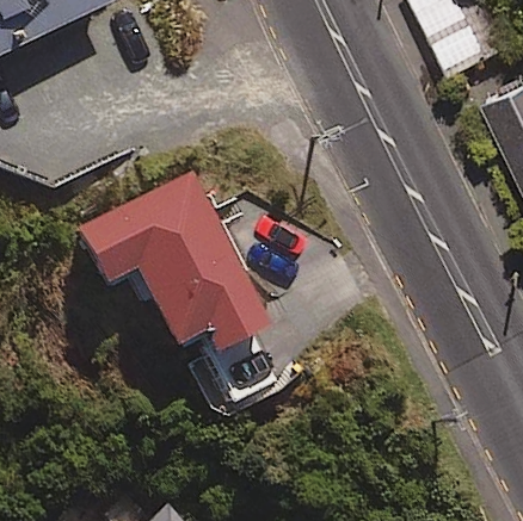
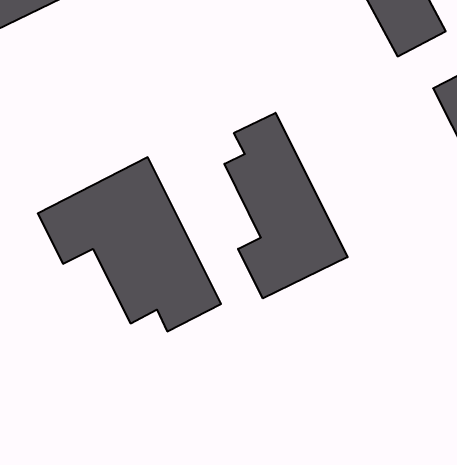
building: none -> [224,113,348,298]

